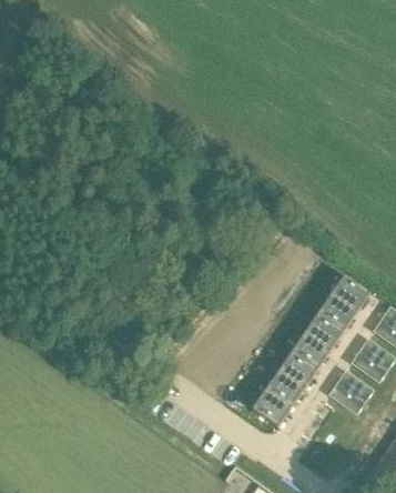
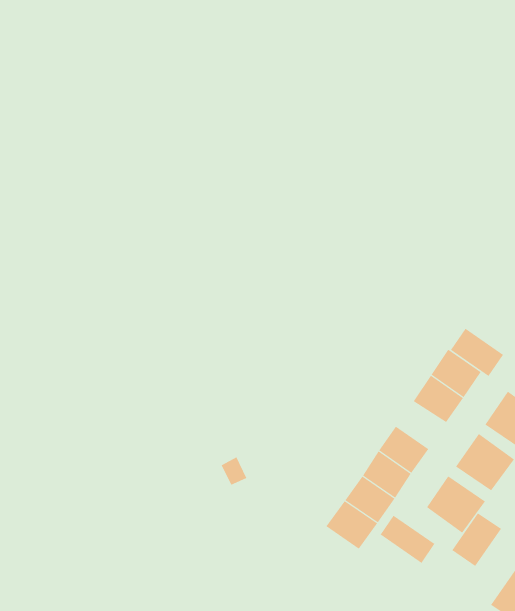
building: none -> [450,328,504,377]
building: [303,312,342,349] -> none
building: none -> [451,512,502,567]
building: none -> [380,515,435,564]

